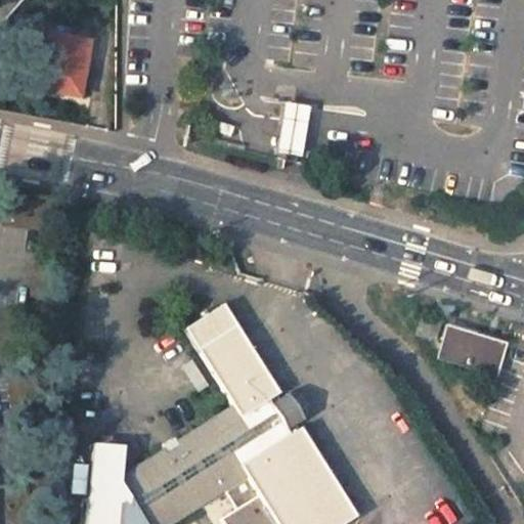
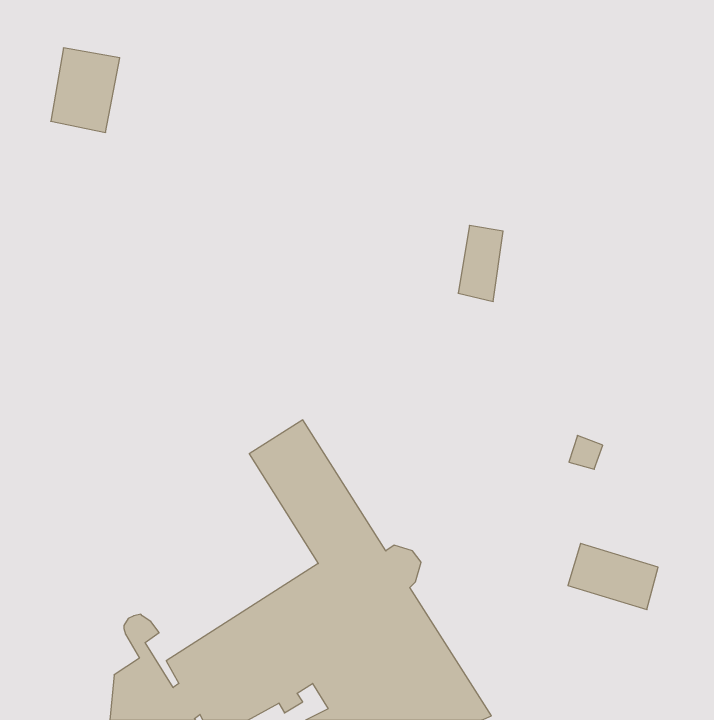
building: [278,103,311,159] -> [458,225,503,301]
building: [440,328,506,376] -> [568,543,658,610]

